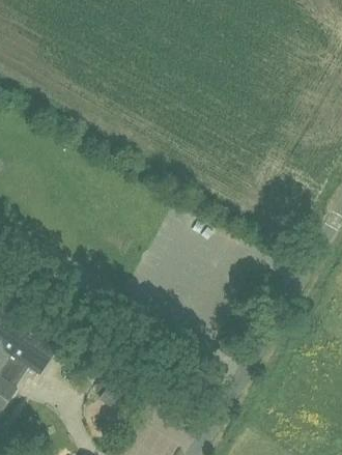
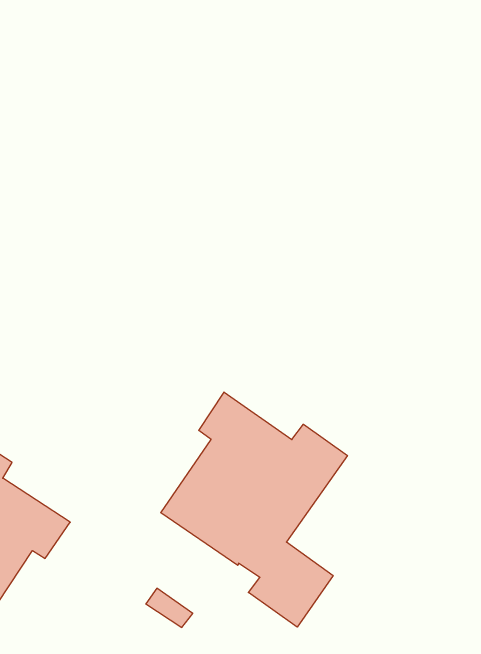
building: none -> [161,392,347,627]

